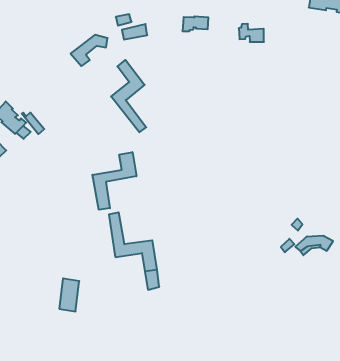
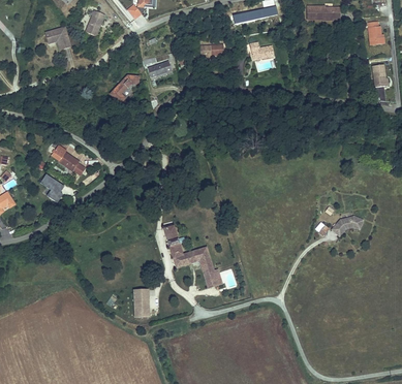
building: [111,60,146,132] -> none
building: [92,152,136,210] -> none

